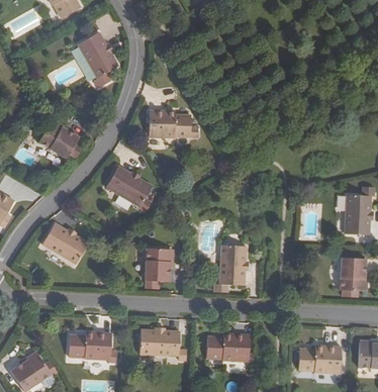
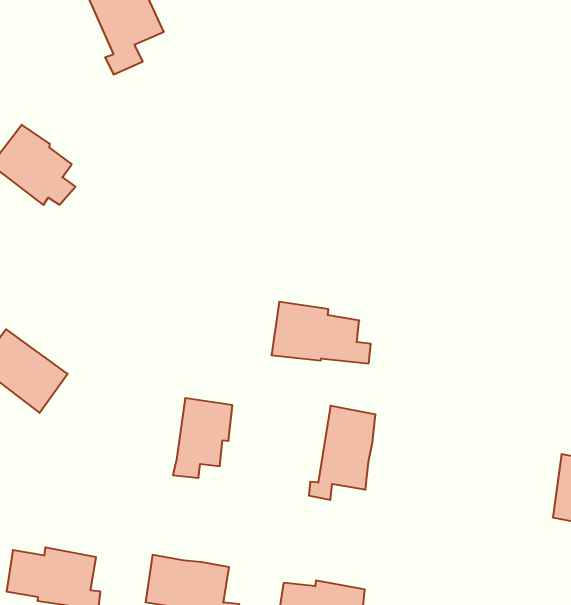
building: [148,110,197,137] -> [271,302,371,363]
building: [105,166,152,206] -> none

